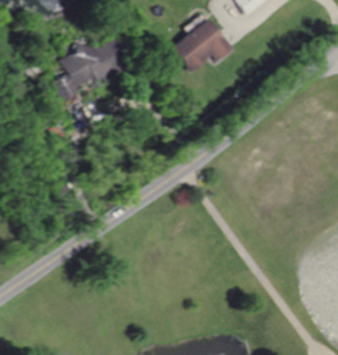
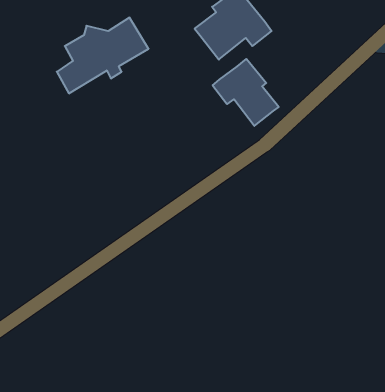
building: none -> [213,59,279,126]

